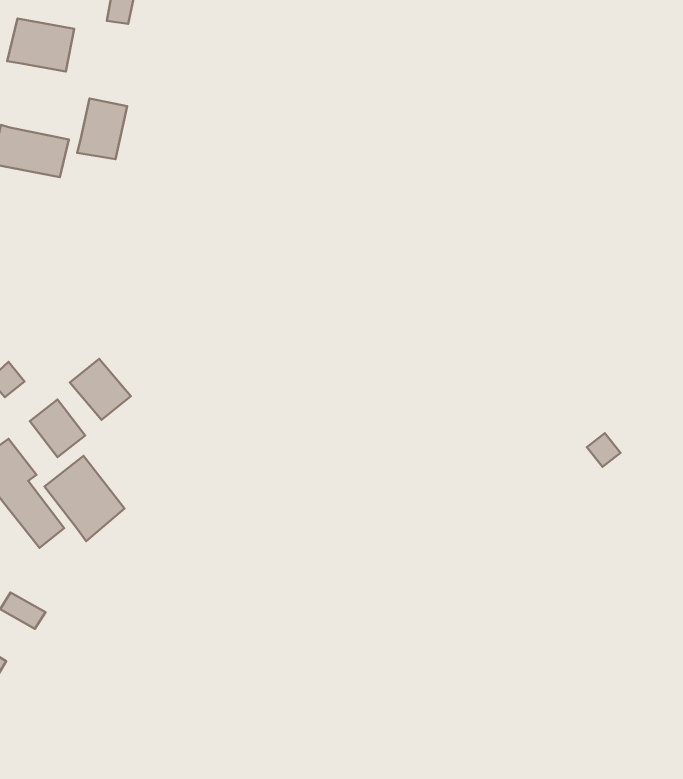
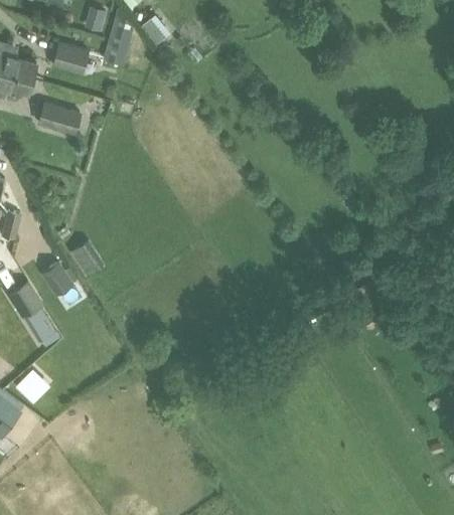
building: [77,98,127,159] -> none
building: [45,456,124,541] -> none

